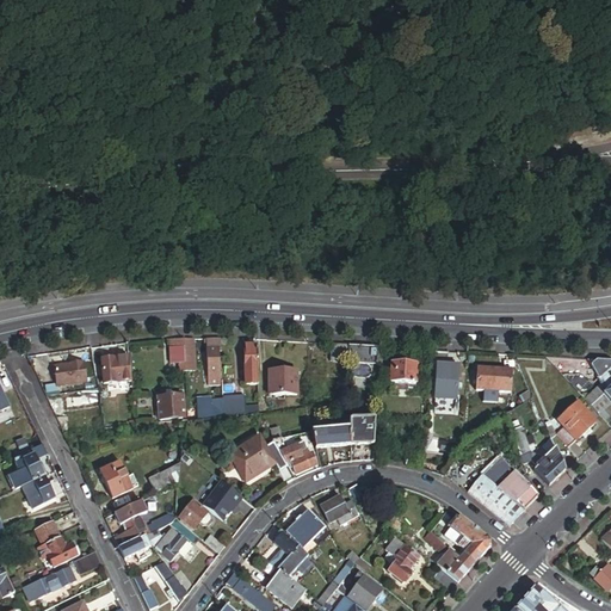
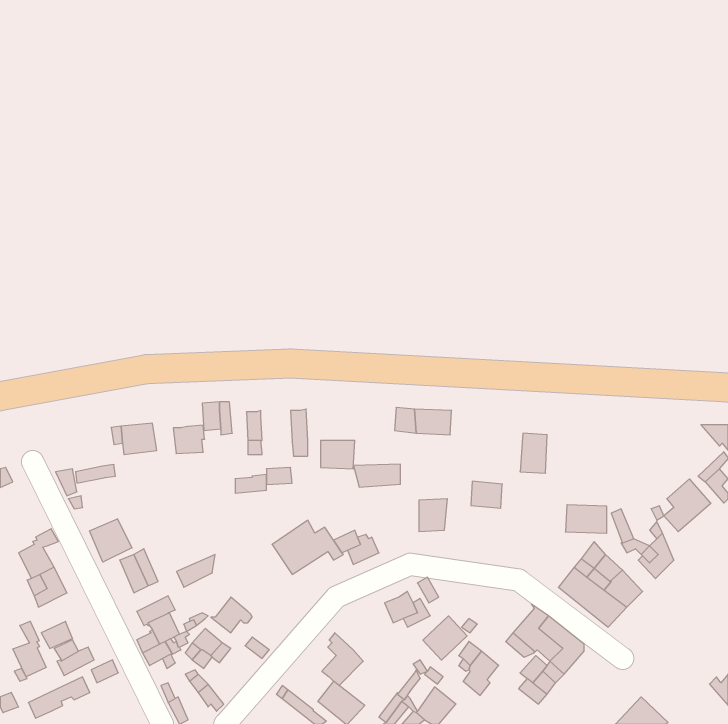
building: [54,358,86,383] -> none
building: [391,359,418,382] -> [471,481,502,508]
building: [476,365,511,389] -> [565,505,607,533]
building: [158,391,184,415] -> [173,425,205,454]
building: [311,428,351,448] -> [353,464,400,487]
building: none -> [89,519,132,562]
building: [198,477,243,514] -> none
building: [288,512,325,549] -> [423,616,467,660]
building: none -> [13,621,46,677]

